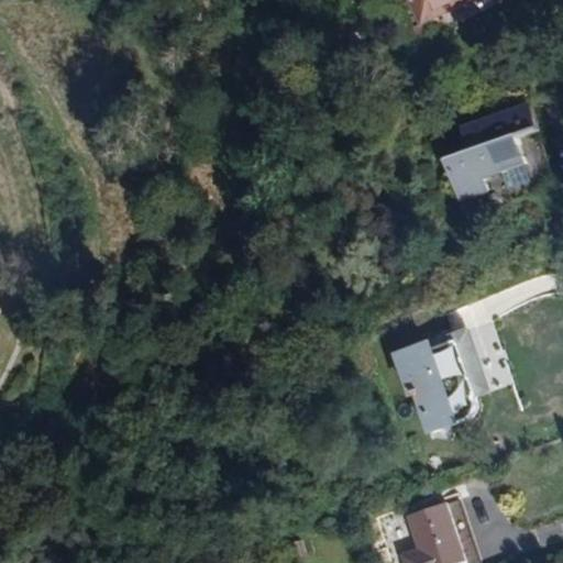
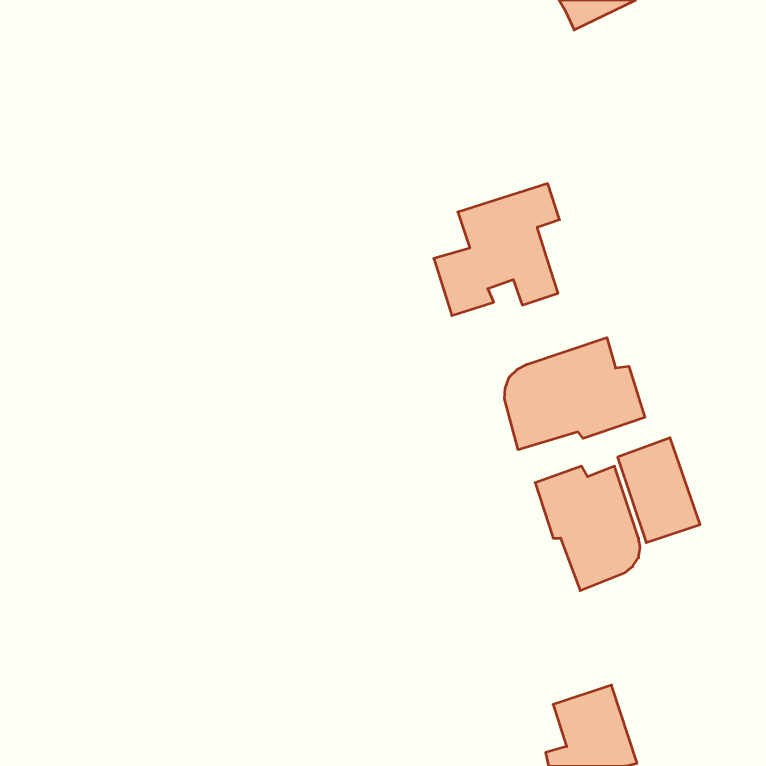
building: [441,102,533,199] -> [434,184,560,316]
building: none -> [505,338,645,450]

